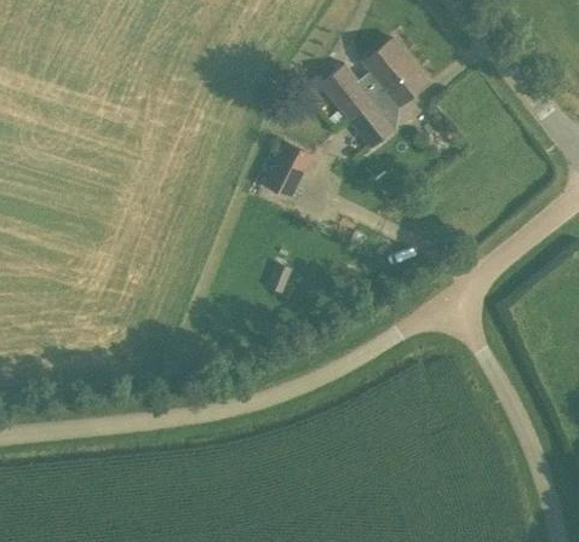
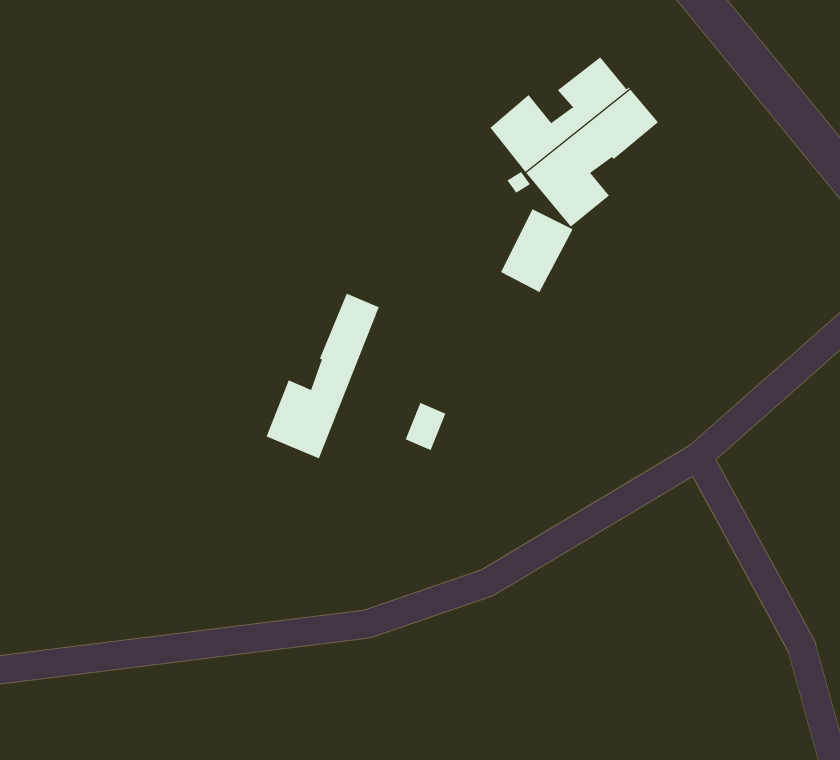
building: [265,142,313,196] -> [500,208,574,293]
building: none -> [266,293,380,459]

